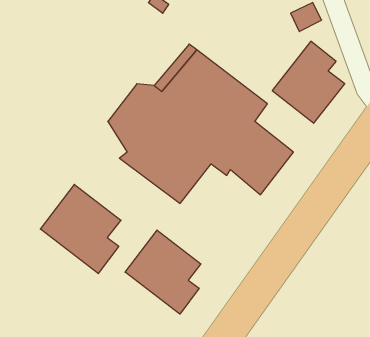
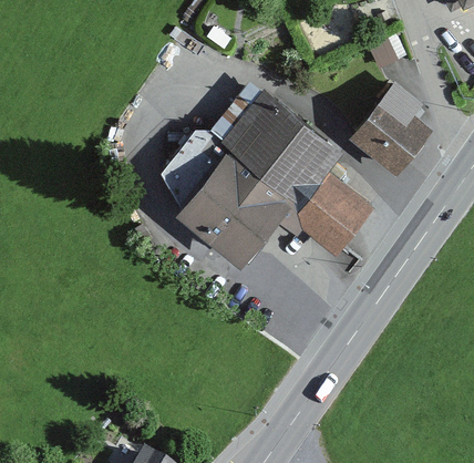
building: [40,184,121,274] -> none
building: [125,230,201,314] -> none

